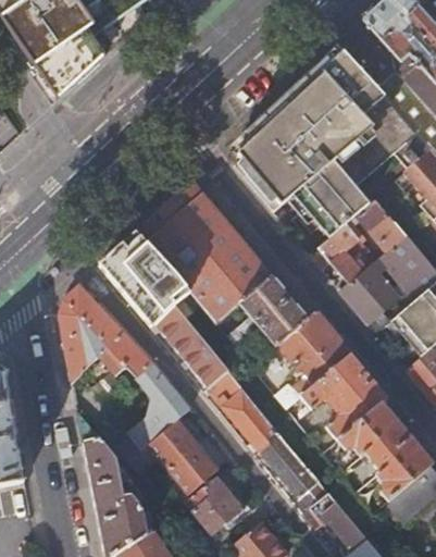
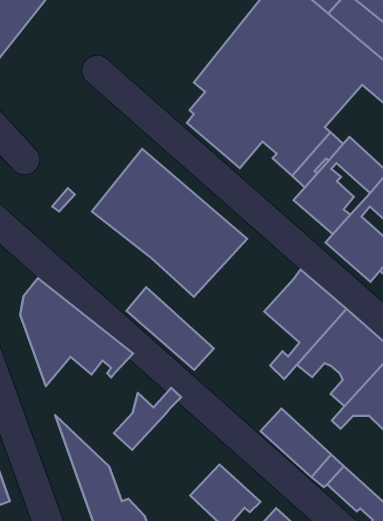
building: [96,231,192,326] -> none
building: [216,276,308,364] -> none
building: [136,363,184,414] -> none
building: [207,370,279,450] -> none
building: [141,418,216,493] -> none

